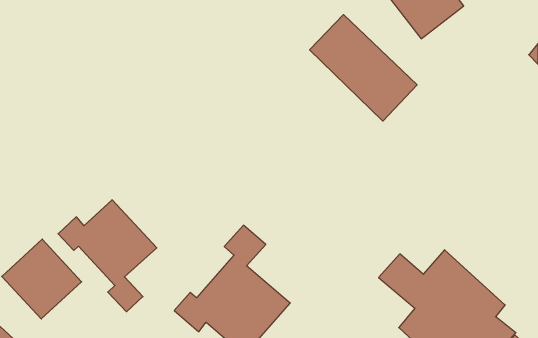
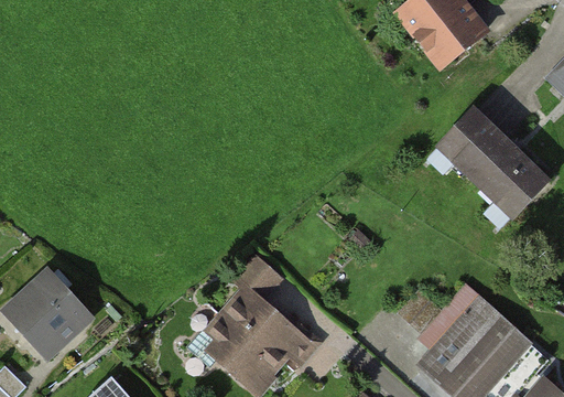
building: [310,15,417,121] -> [437,108,549,218]
building: [58,200,157,312] -> none

